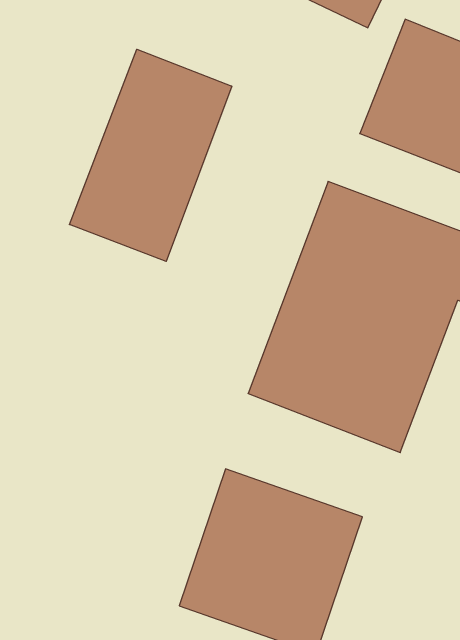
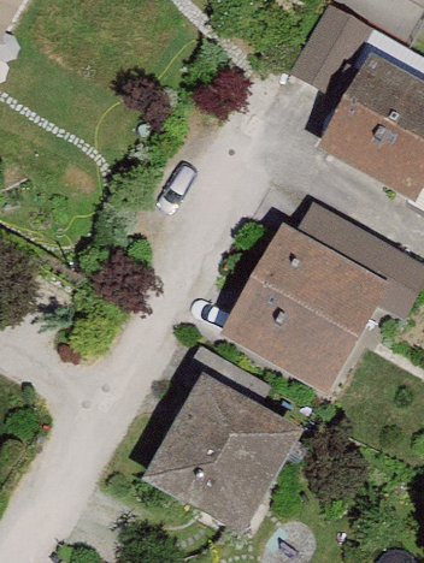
building: [69,49,232,261] -> none

